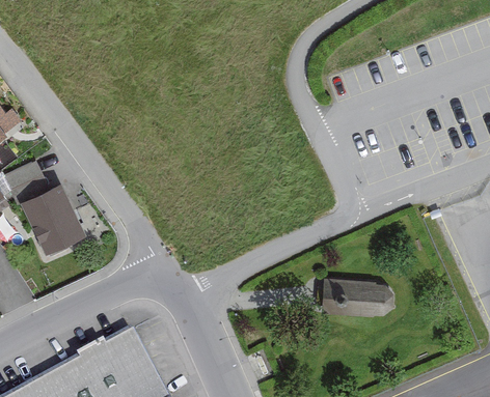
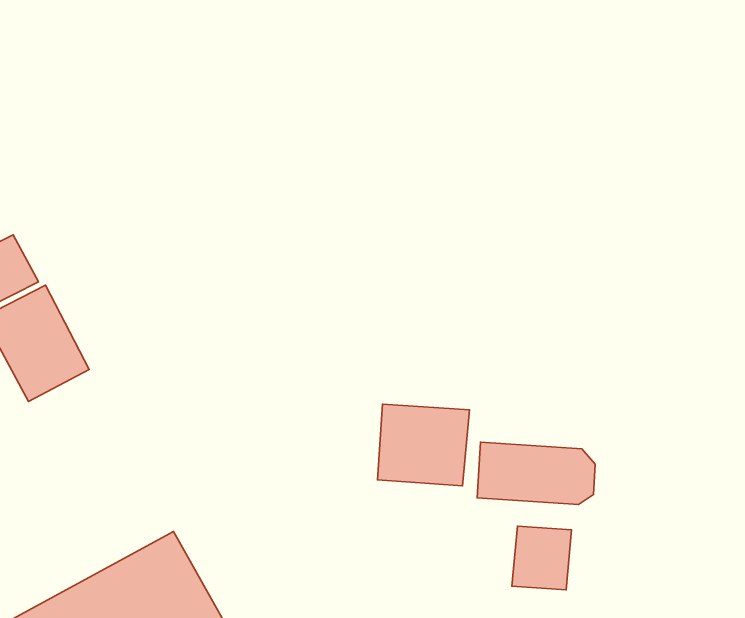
building: none -> [377,404,469,486]
building: none -> [512,526,572,590]

